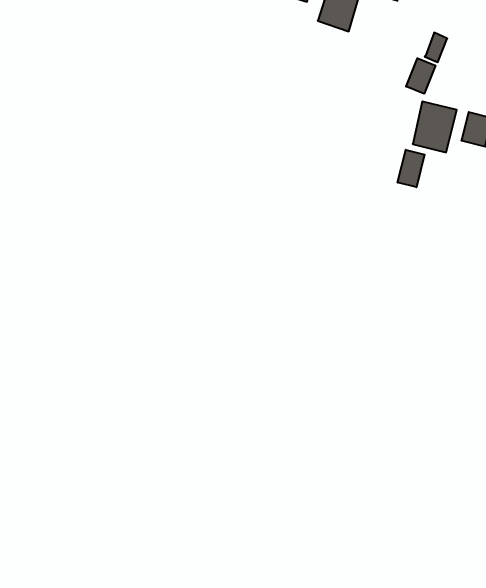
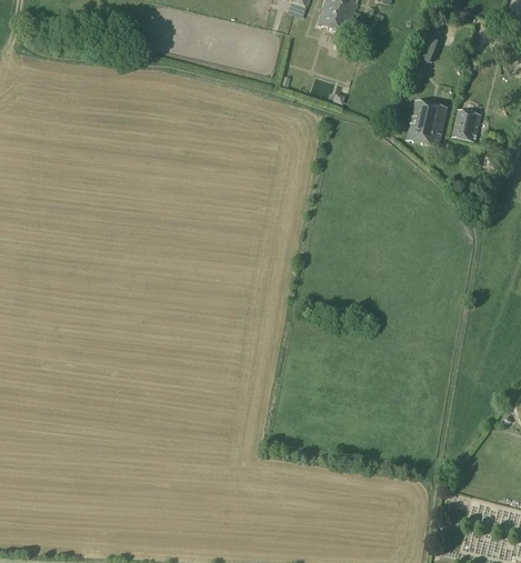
building: [406,58,435,94] -> none
building: [398,150,425,187] -> none

